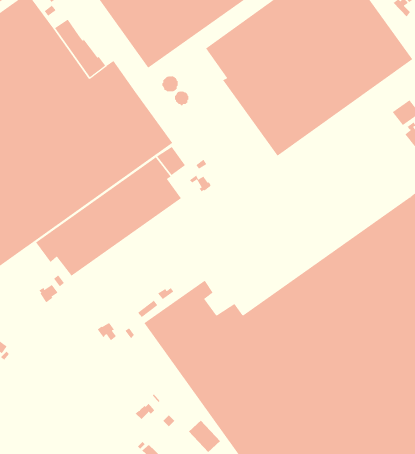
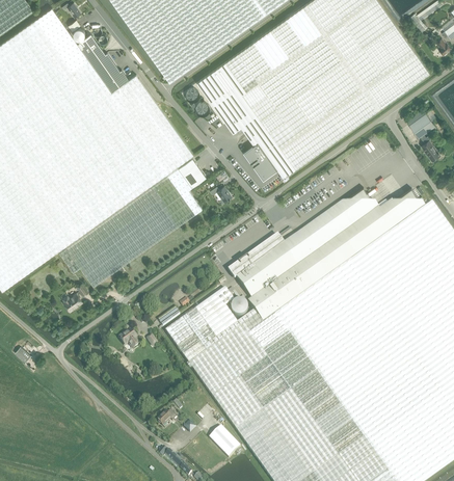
building: none -> [197,62,296,179]
building: none -> [229,187,426,323]

